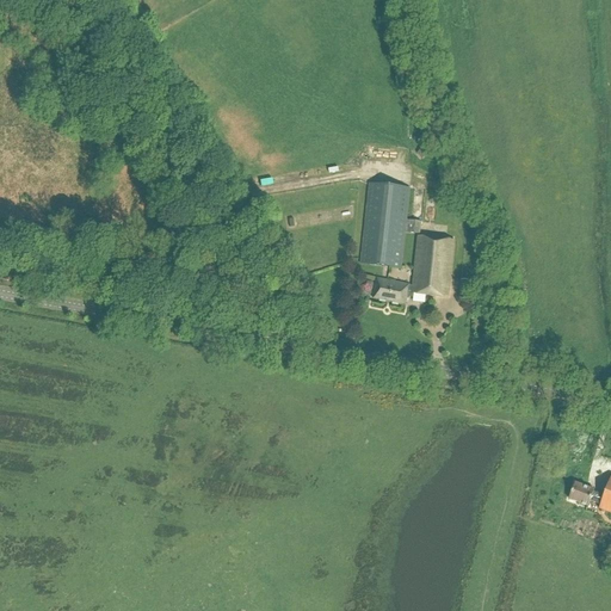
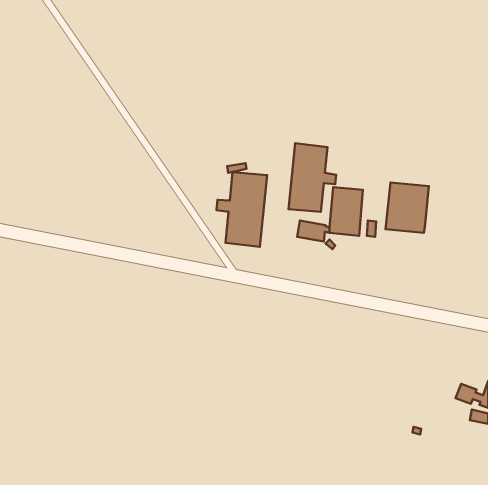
building: none -> [216,172,267,247]
building: none -> [385,183,429,233]

